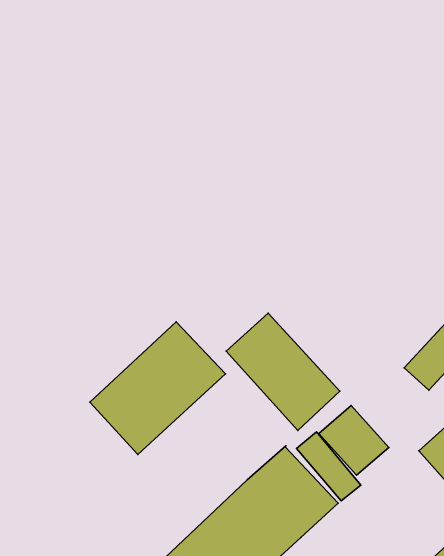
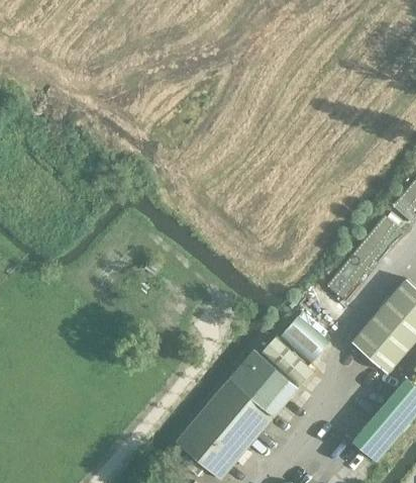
building: [226,313,340,430] -> none
building: [90,322,226,454] -> none

